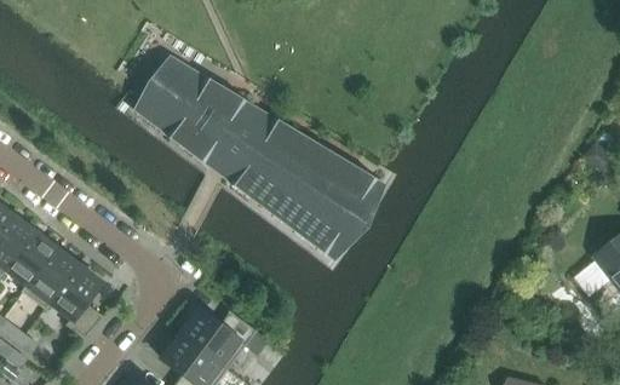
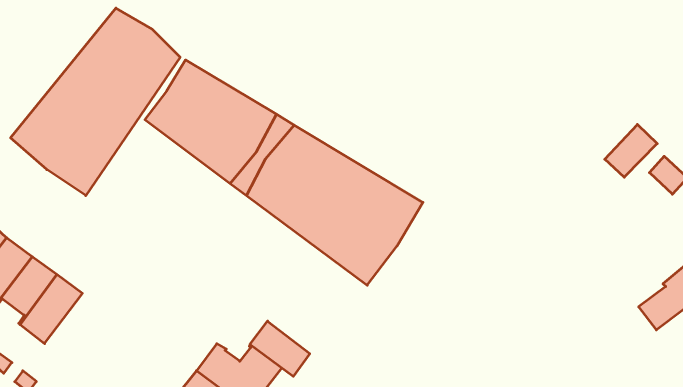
building: none -> [11,8,180,196]
building: none -> [605,124,657,177]
building: [42,263,101,337] -> none
building: none -> [250,321,310,376]

